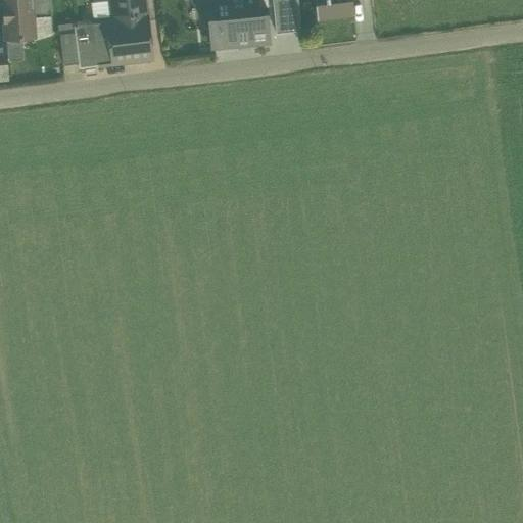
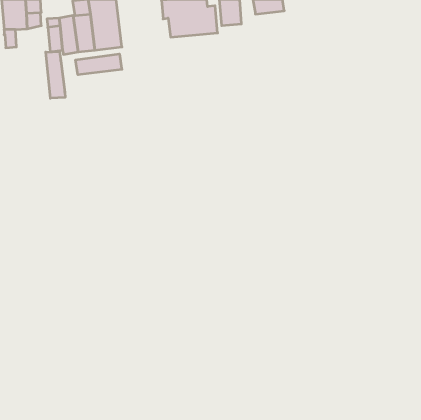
building: none -> [46,51,65,98]
building: none -> [76,54,122,75]

